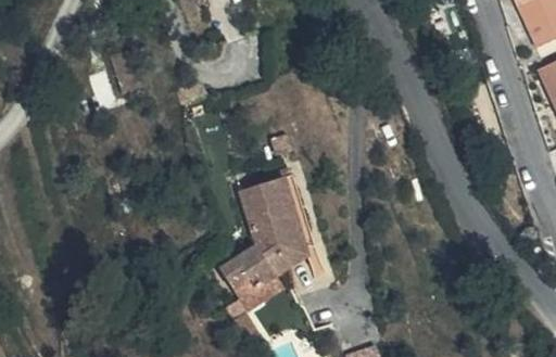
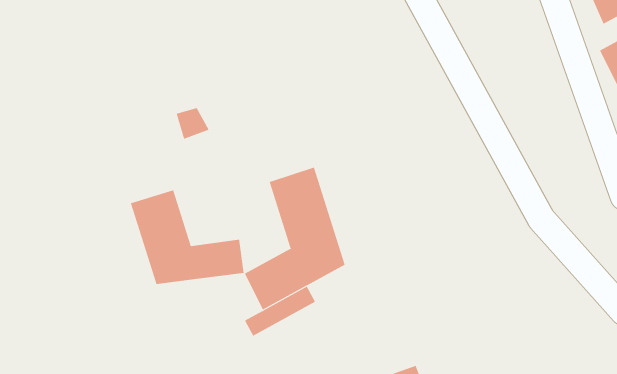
building: none -> [130,189,244,285]

